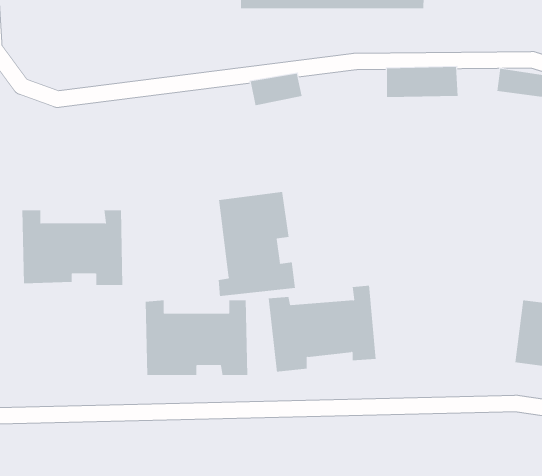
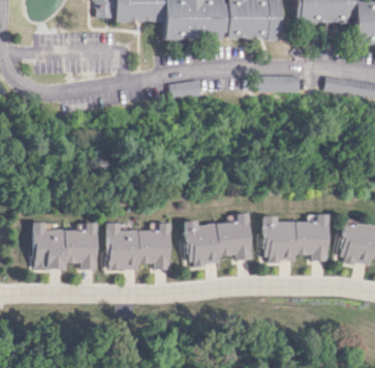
building: [218,191,295,297] -> none
building: [21,210,123,285] -> [33,222,97,270]
building: none -> [263,214,327,262]

